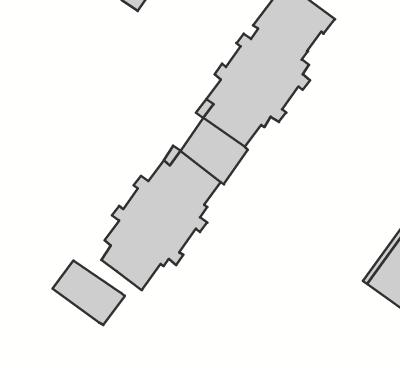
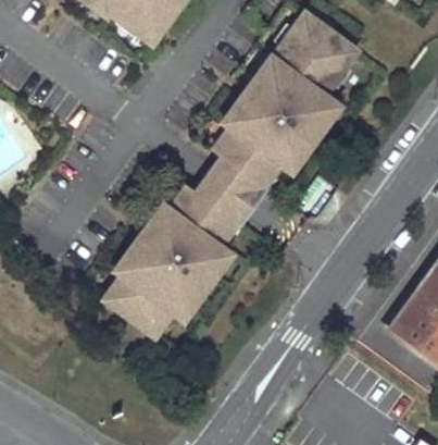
building: [53,261,125,325] -> none

